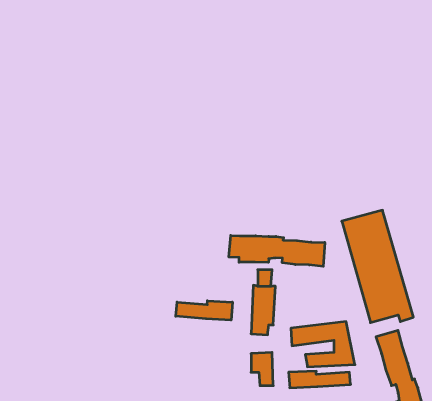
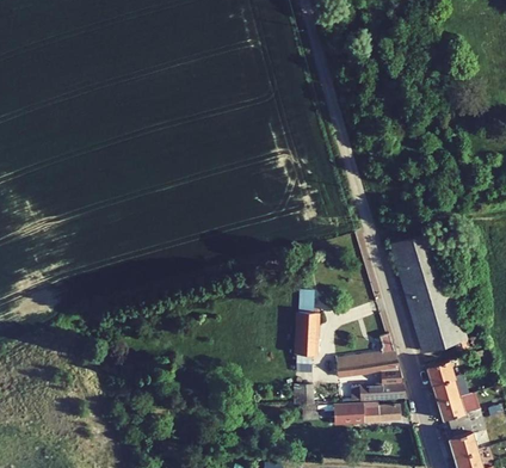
building: [229,235,325,266] -> none
building: [176,301,232,320] -> none

